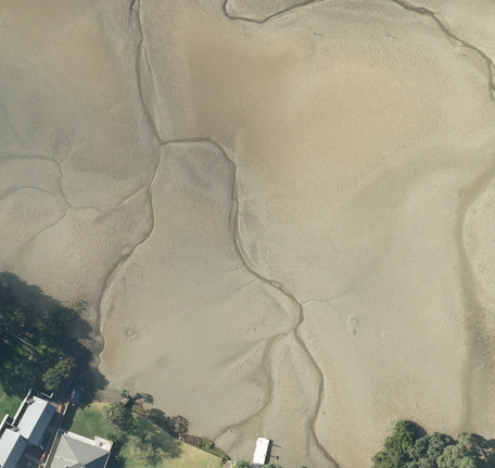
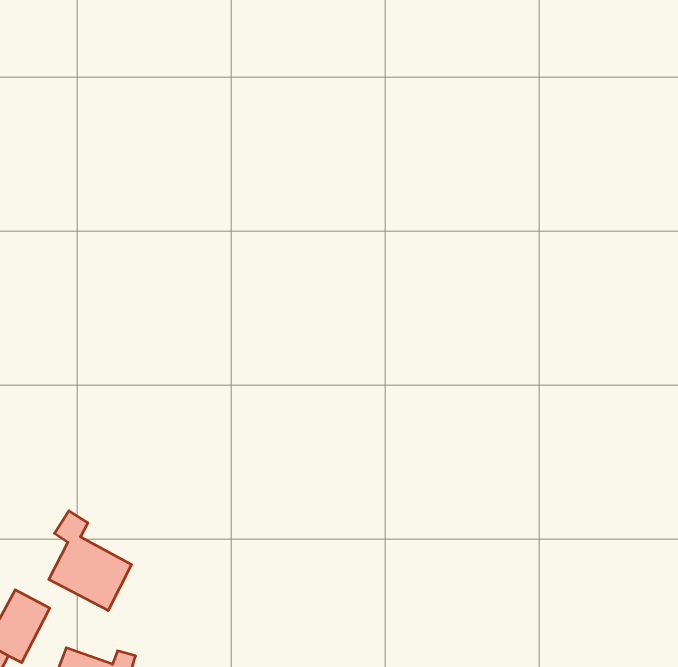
building: none -> [49,511,132,611]

